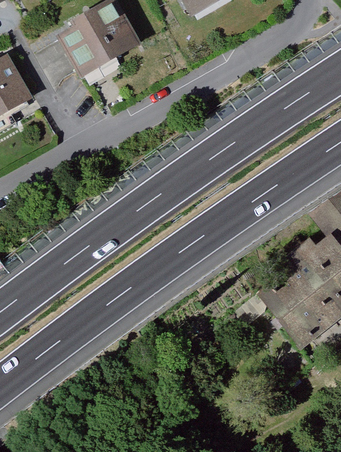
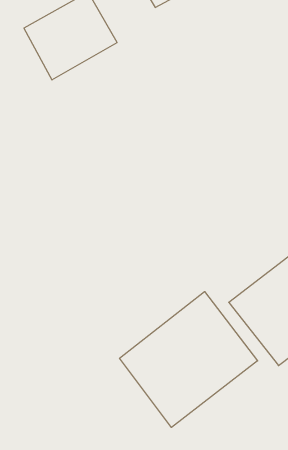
building: none -> [120,292,258,427]

